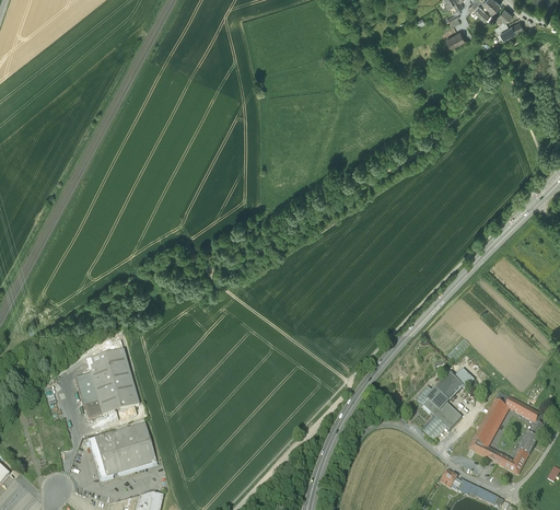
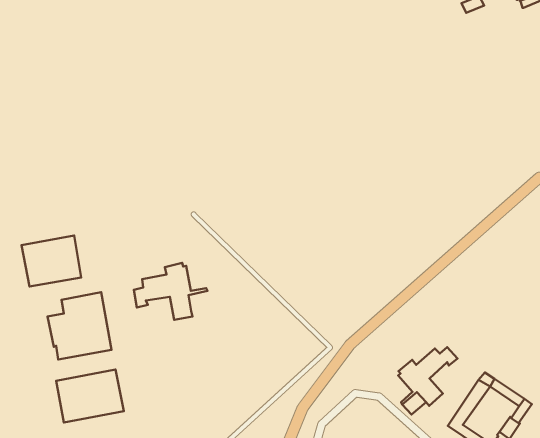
building: none -> [21,235,81,287]
building: none -> [134,263,207,320]

